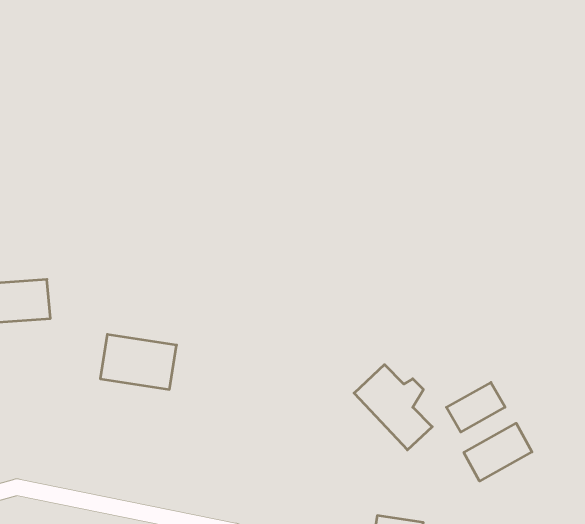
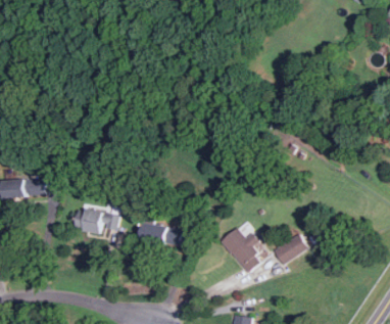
building: none -> [138,219,182,246]
building: [464,423,532,481] -> none

